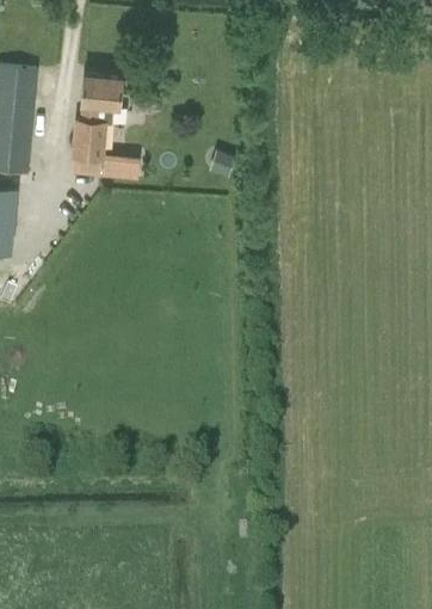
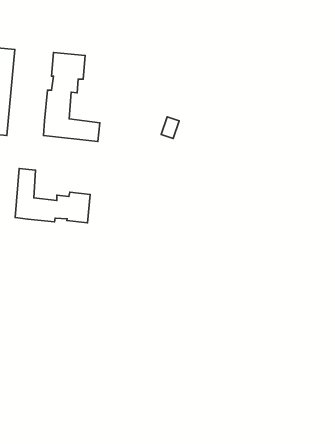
building: none -> [15,169,90,223]

